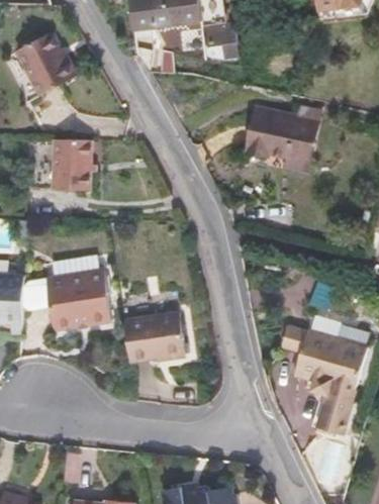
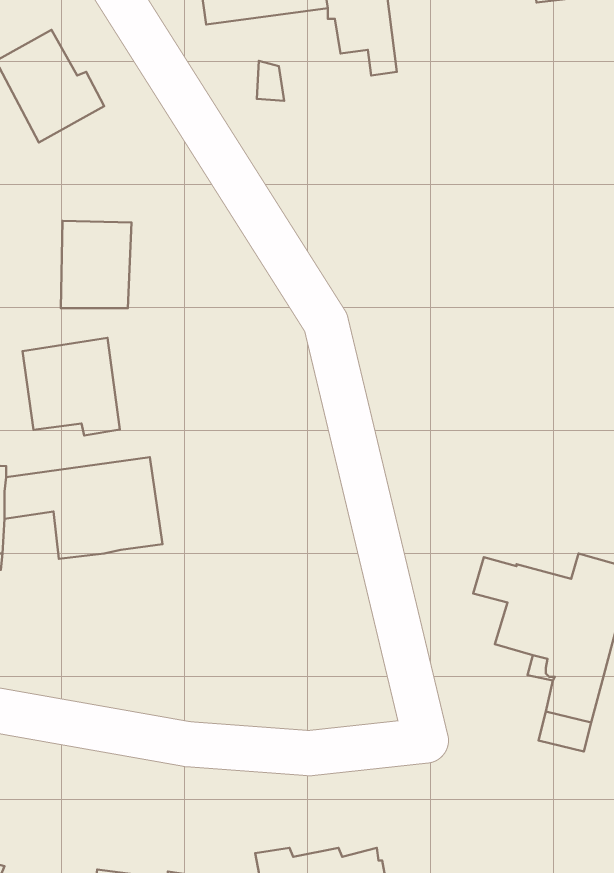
building: [249,111,315,168] -> none
building: none -> [23,338,120,435]
building: [122,312,184,361] -> none

